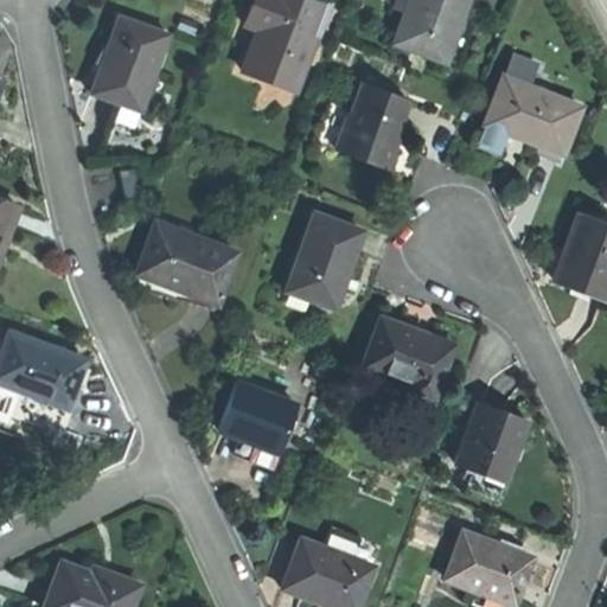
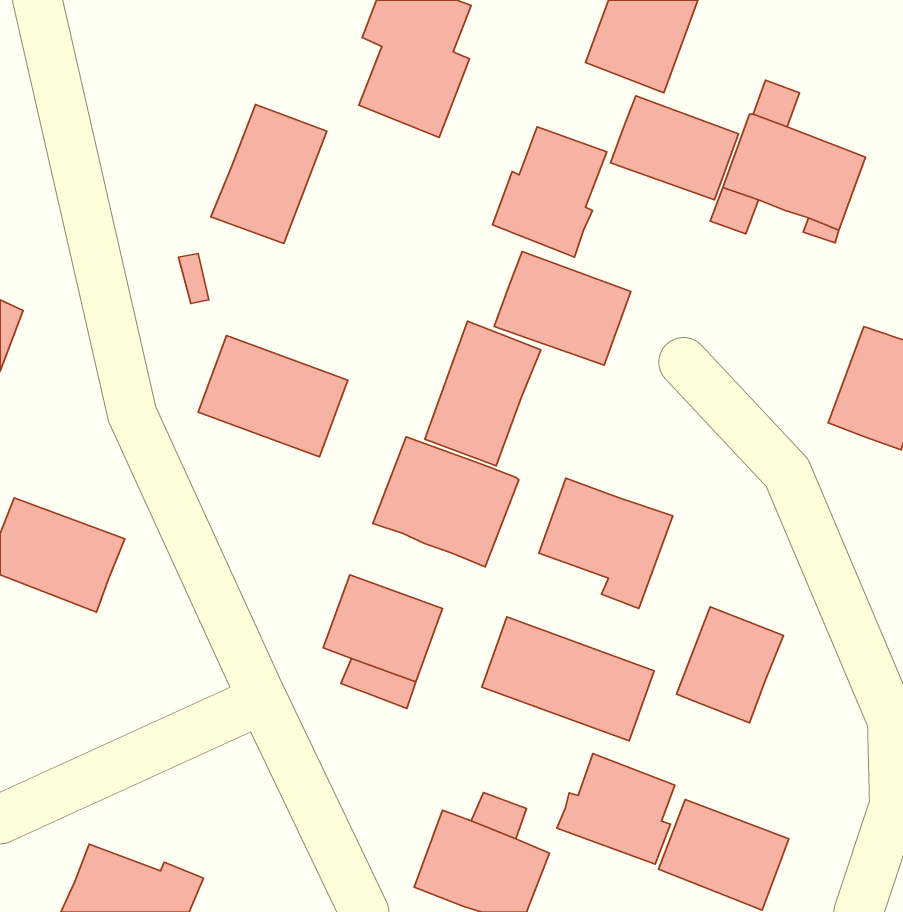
building: [91,17,168,109] -> [211,104,327,244]
building: none -> [611,96,739,200]
building: none -> [494,252,631,365]
building: none -> [373,437,519,567]
building: none -> [482,617,654,741]
building: none -> [557,753,675,864]

